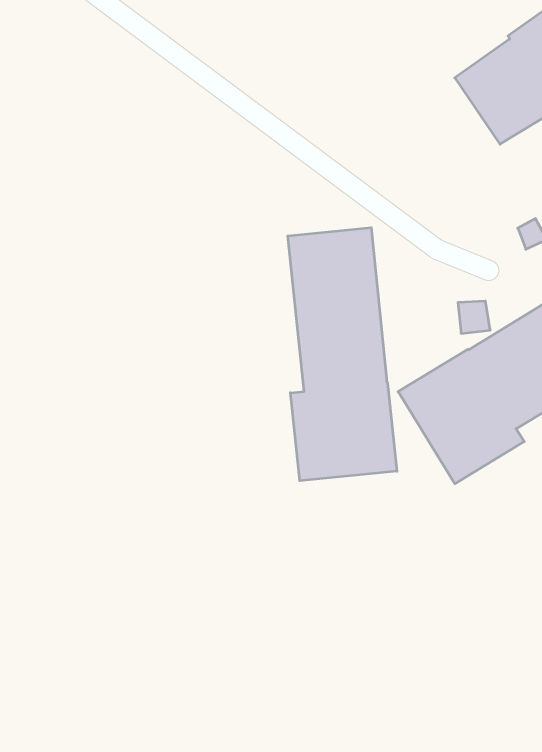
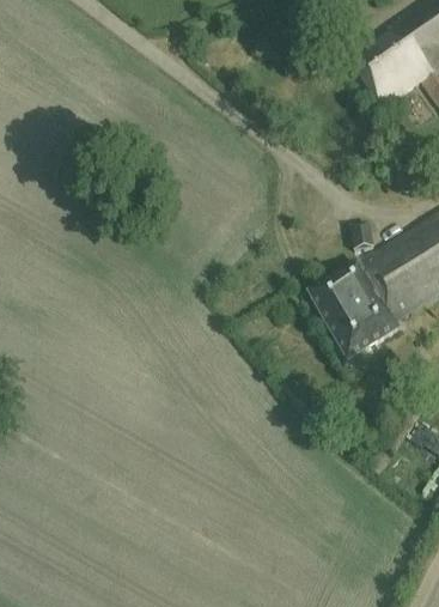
building: [288,228,397,481] -> none

